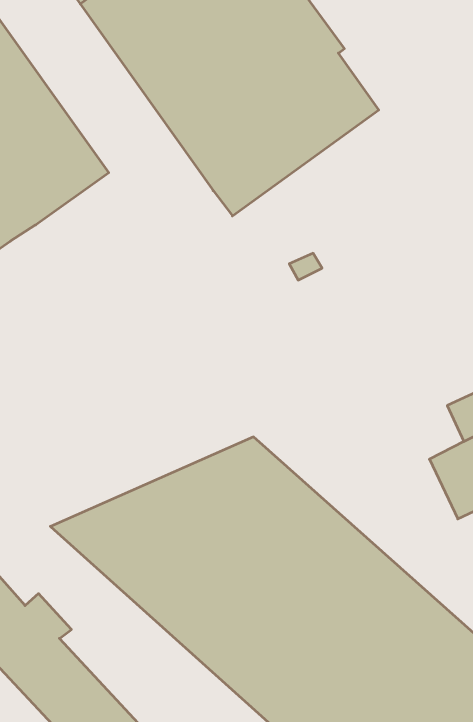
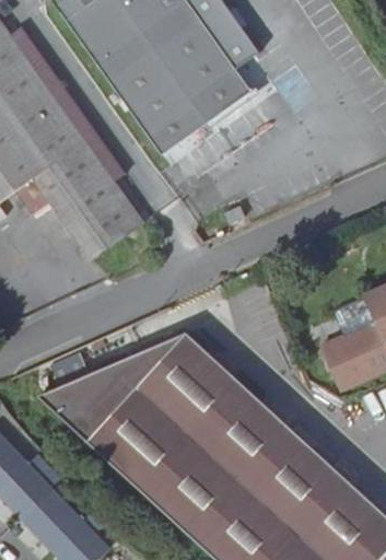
building: none -> [13,141,141,258]

